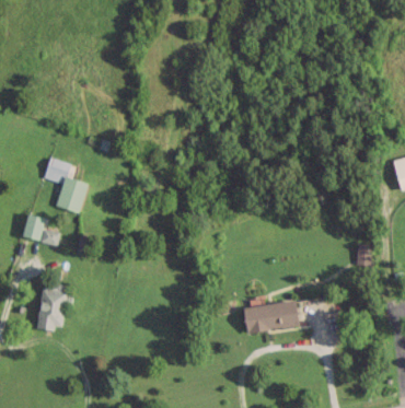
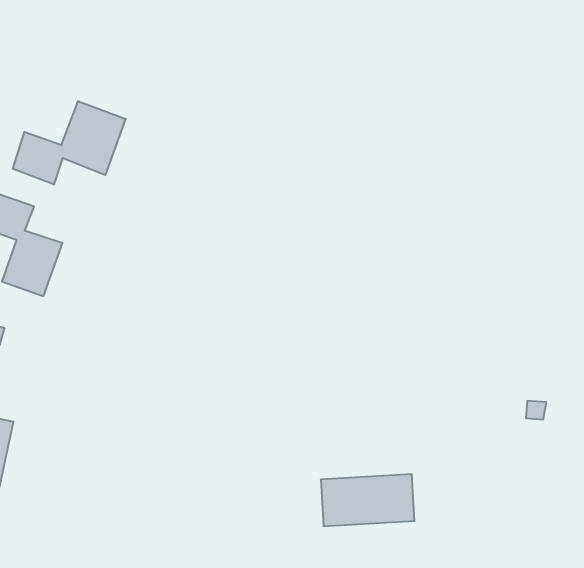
building: none -> [13,101,126,185]

